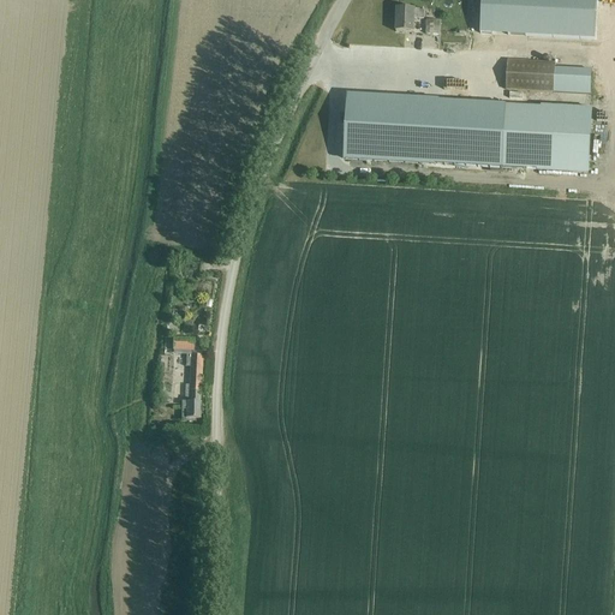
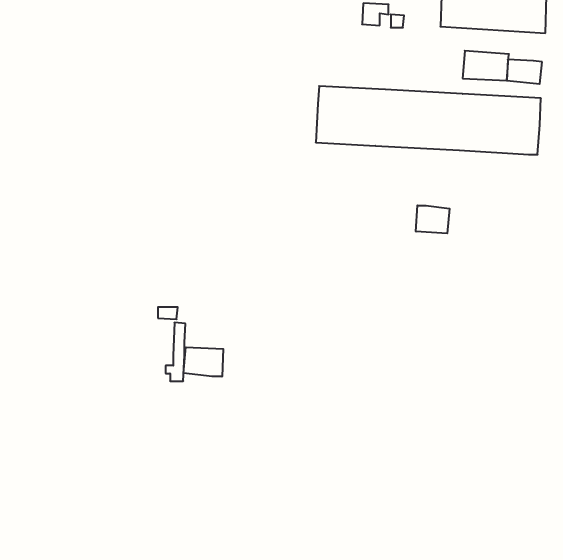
building: none -> [416,205,450,233]
building: none -> [184,347,223,377]

